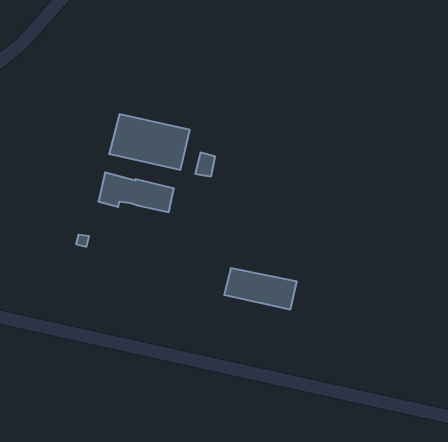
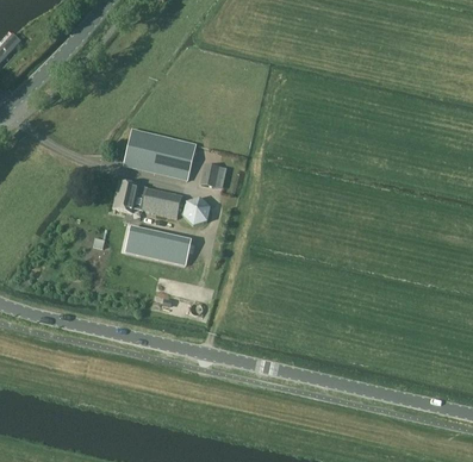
building: none -> [182,196,211,225]
building: [224,268,297,309] -> [125,226,191,263]

